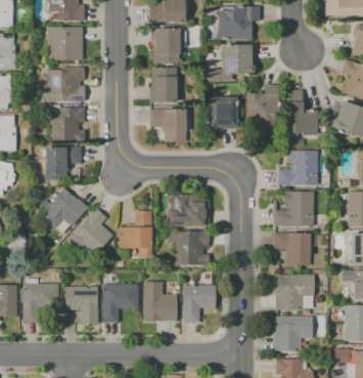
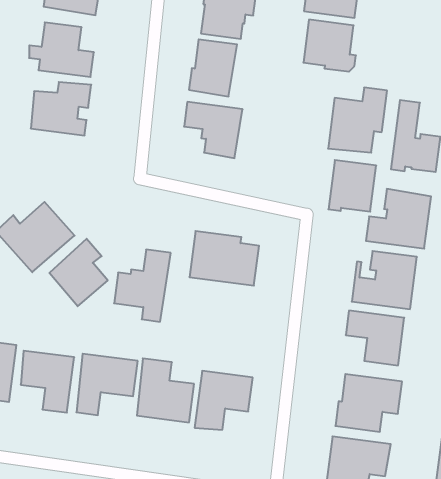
building: [209,97,236,130] -> [328,160,376,212]
building: [44,146,81,179] -> none
building: [173,232,210,265] -> none

